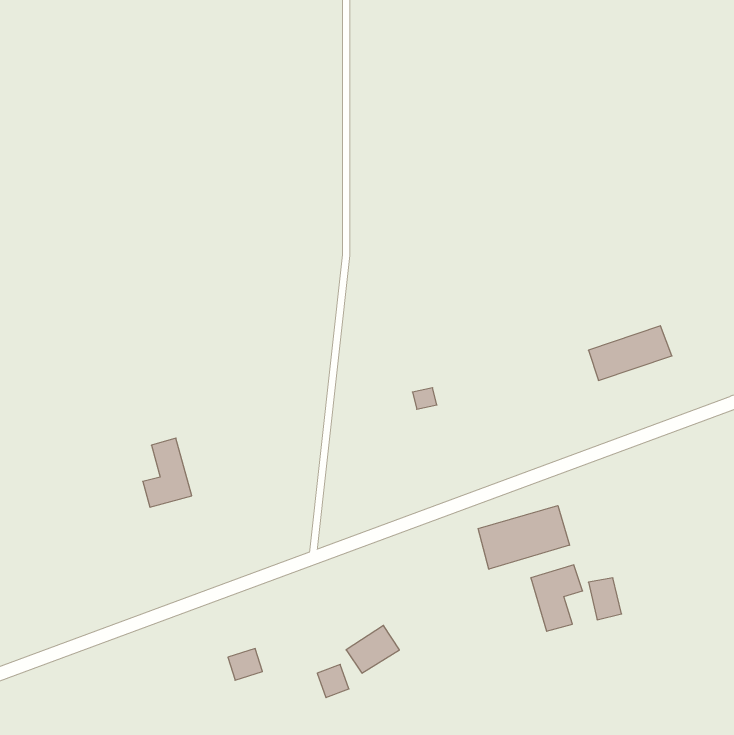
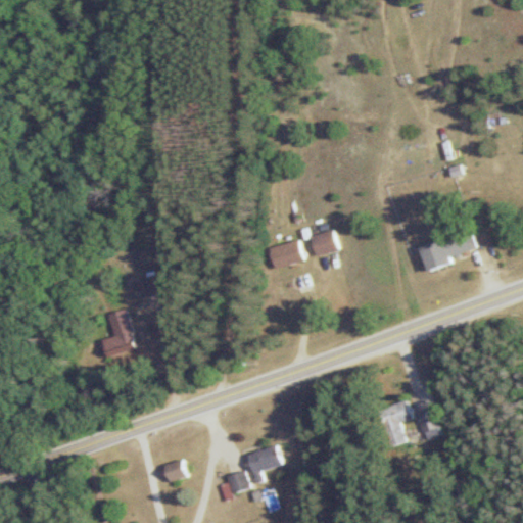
building: none -> [310,231,338,257]
building: none -> [268,241,302,270]
building: [478,506,570,569] -> none

